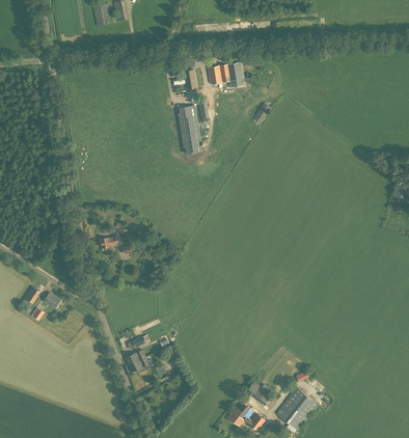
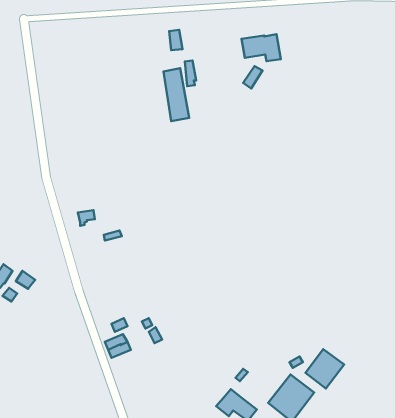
building: [207,63,243,88] -> [242,34,281,61]
building: none -> [306,349,344,389]

